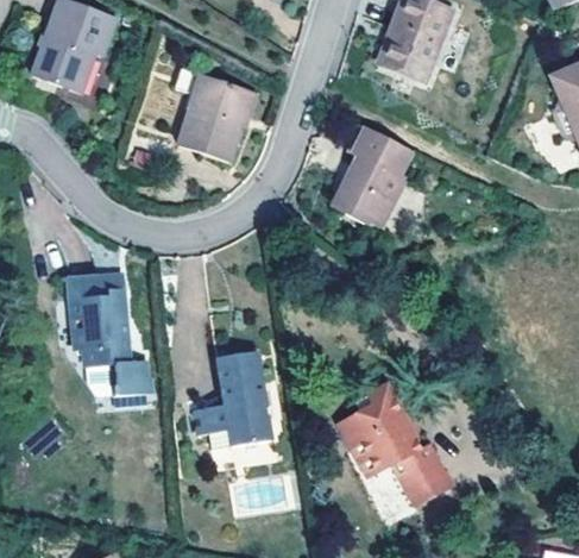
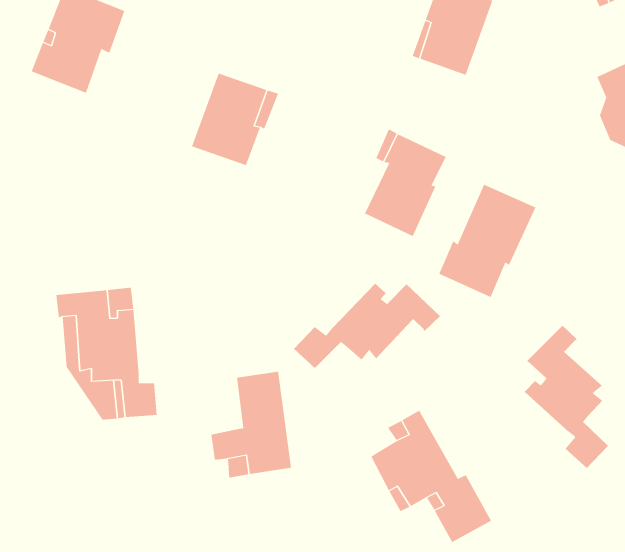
building: none -> [439,184,536,298]
building: none -> [293,283,441,369]
building: none -> [524,325,609,469]

